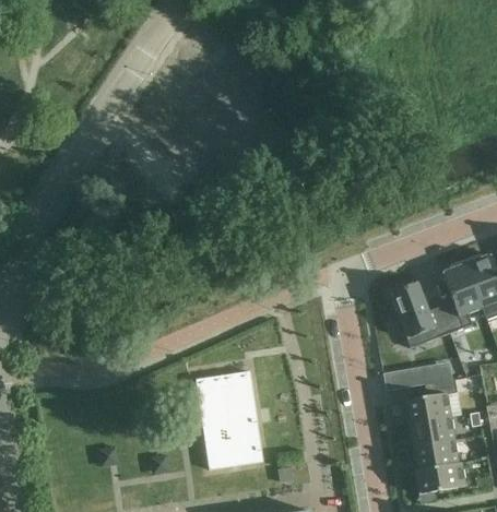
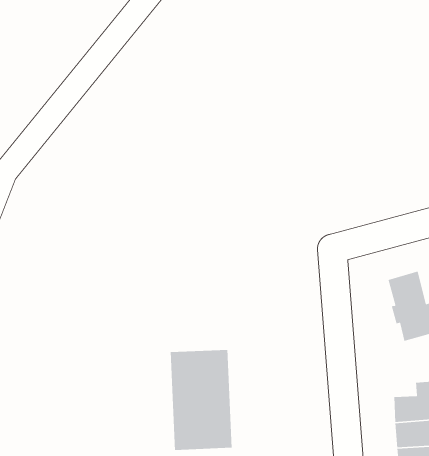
building: [383,366,425,390] -> none

